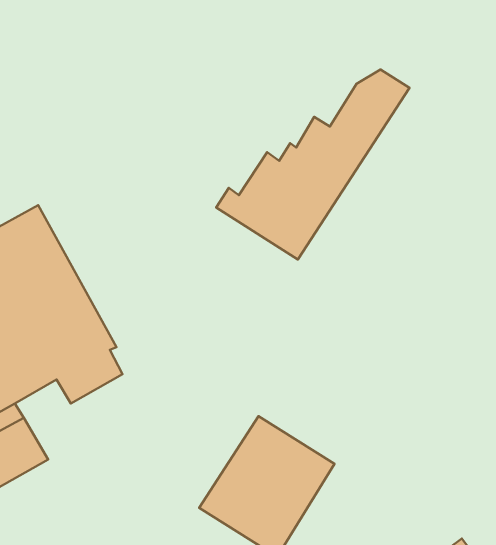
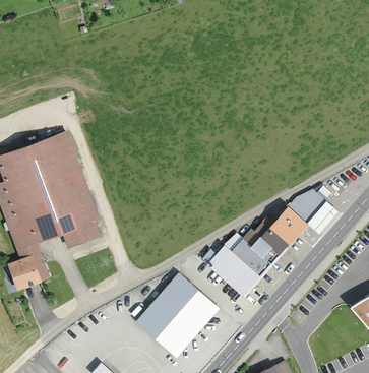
building: [216,70,410,259] -> [201,195,324,298]

